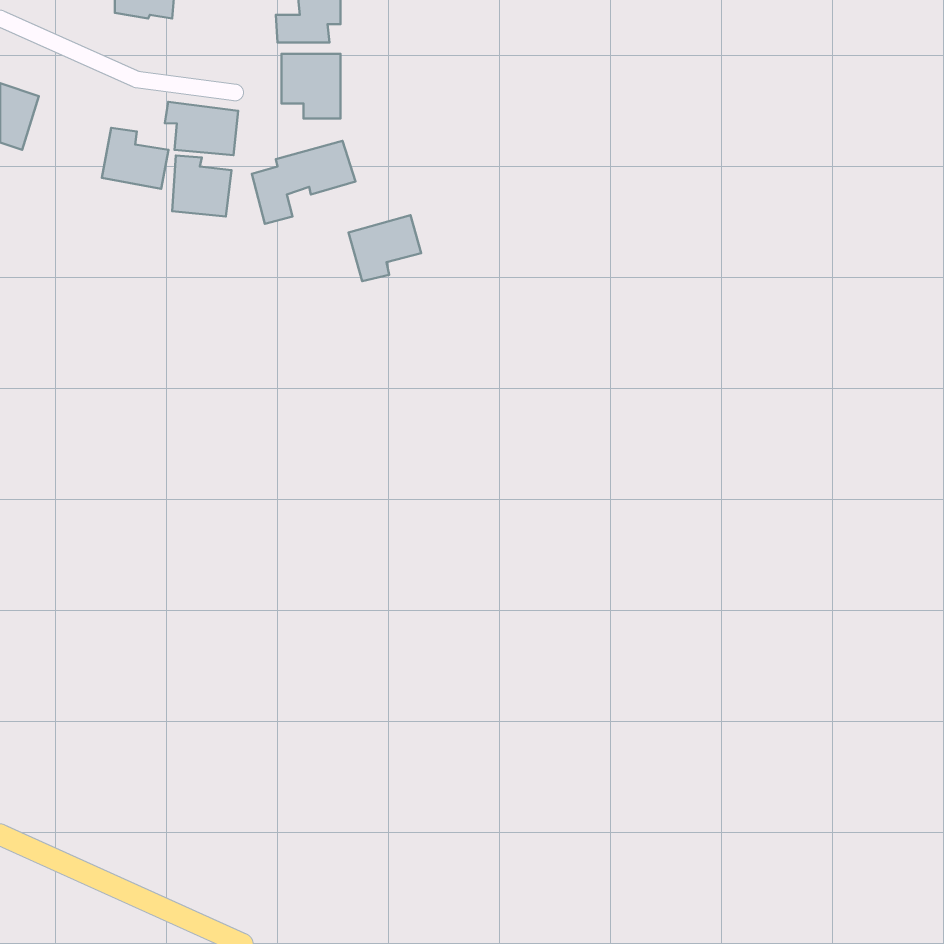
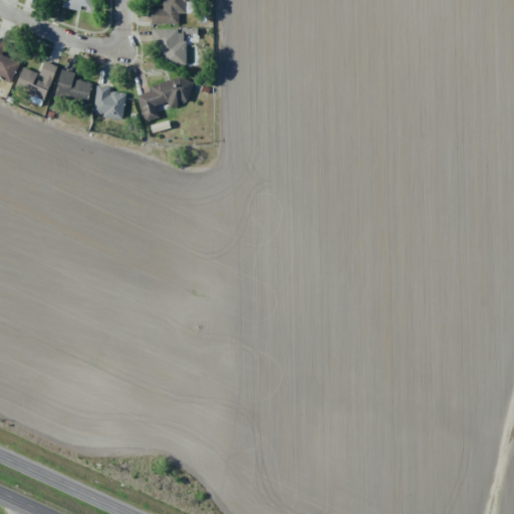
building: [165,102,238,155] -> none
building: none -> [15,60,57,98]
building: [349,215,421,281] -> none

